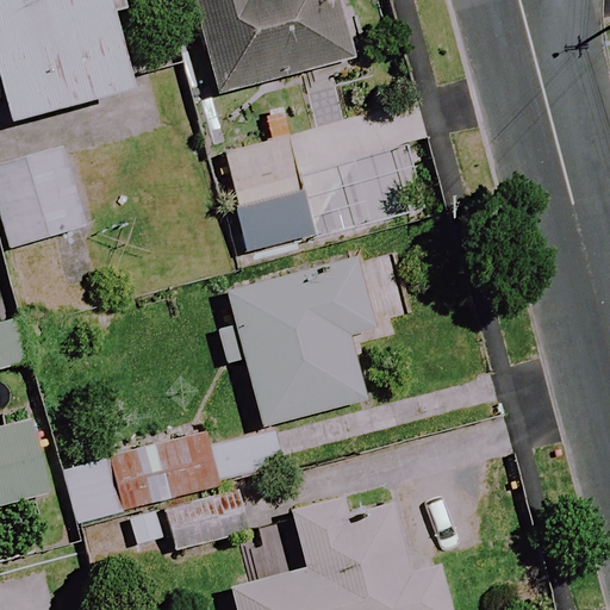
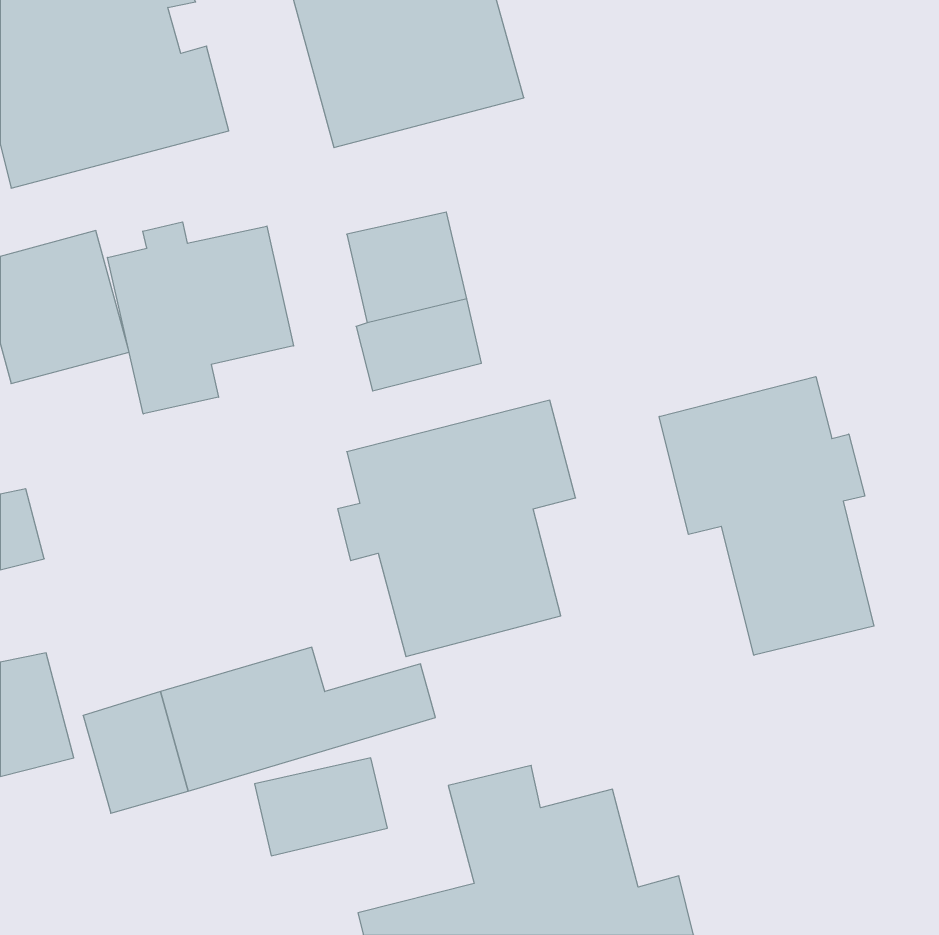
building: none -> [107,222,294,414]
building: none -> [659,377,874,655]

